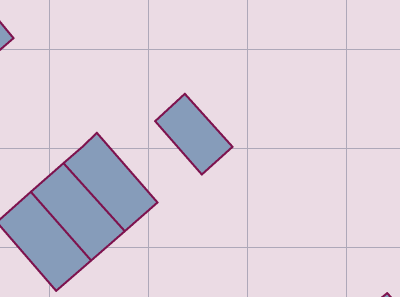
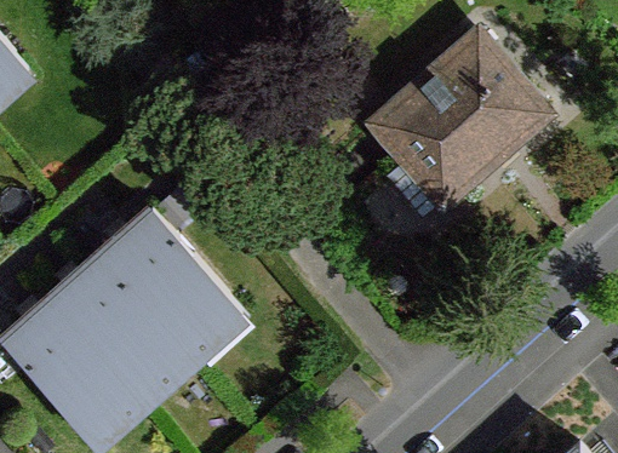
building: none -> [372,34,544,201]
building: [155,94,233,175] -> none

